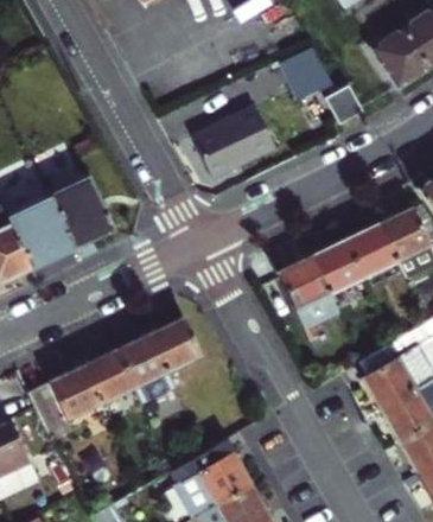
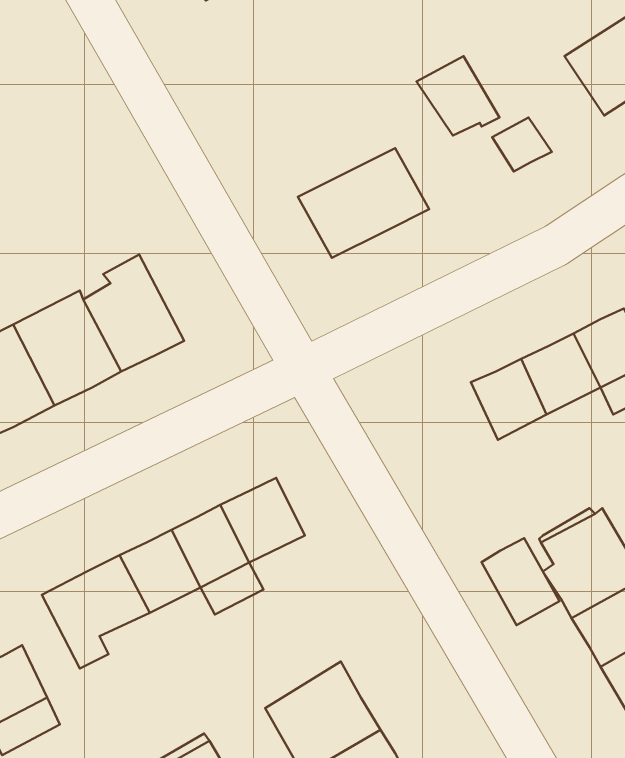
building: [275,255,329,311] -> none
building: none -> [481,538,559,625]

